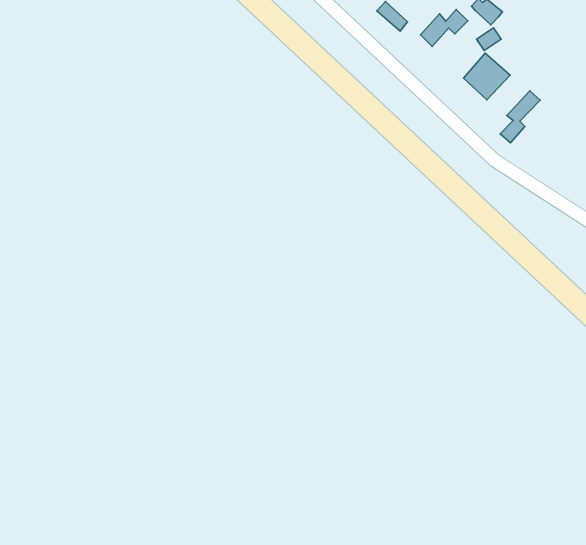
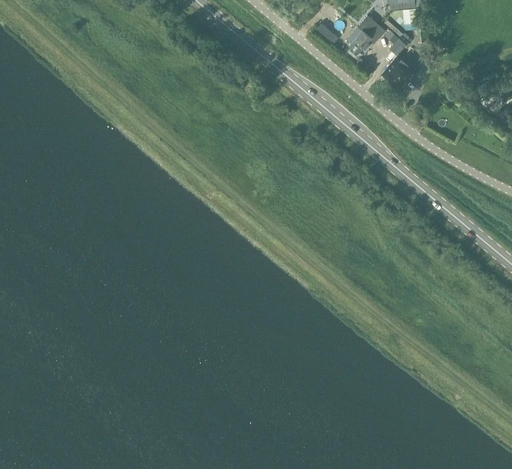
building: [500,91,540,143] -> none

